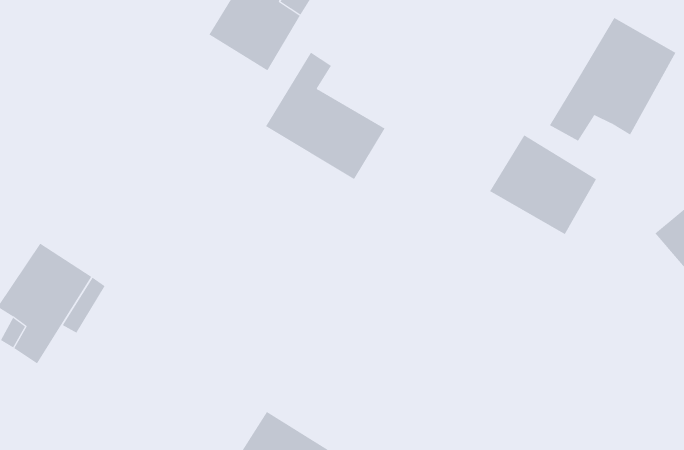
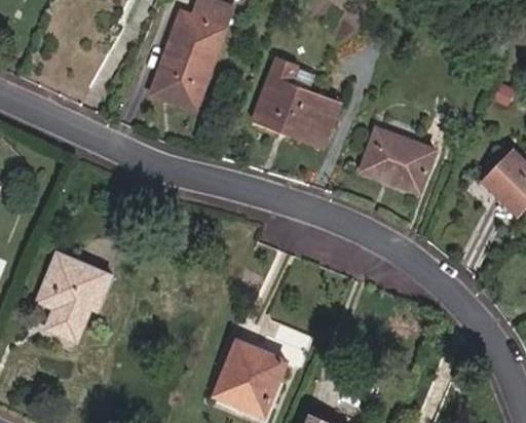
building: [549,17,676,142] -> none
building: [265,52,385,180] -> [253,57,336,141]

